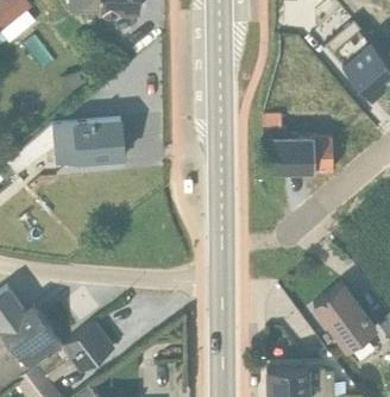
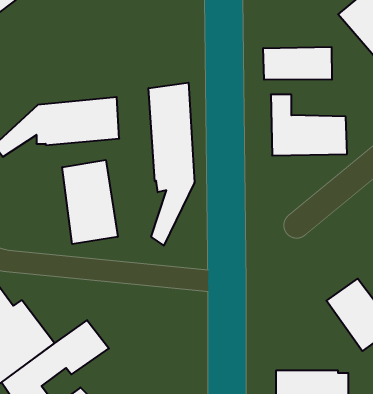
building: none -> [263,47,332,80]
building: none -> [149,83,194,246]
building: none -> [62,160,118,244]

